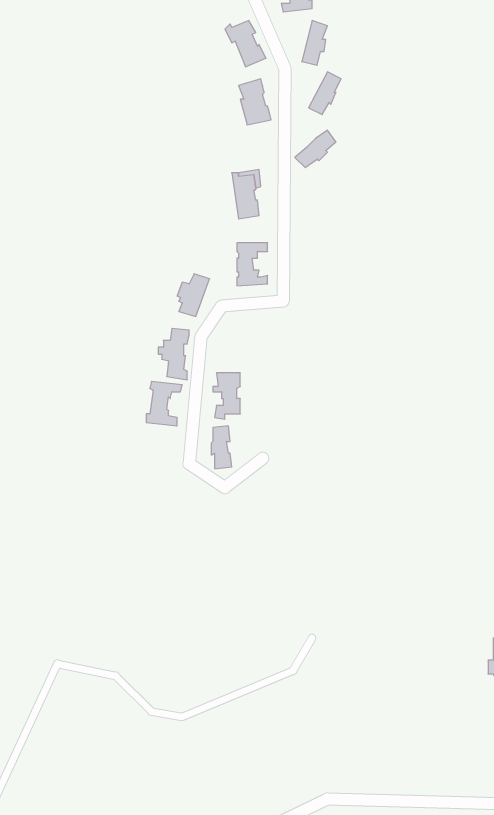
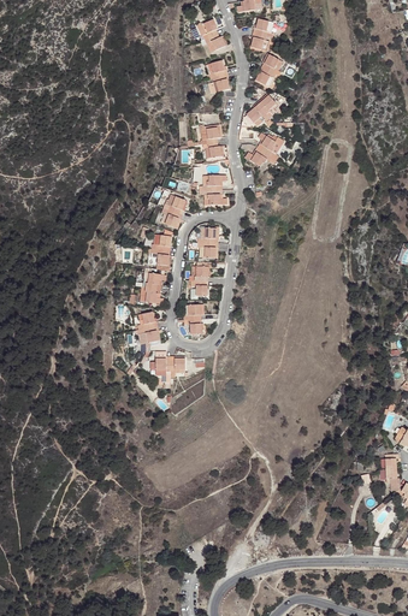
building: none -> [246,134,284,172]
building: none -> [200,227,218,257]
building: none -> [137,312,160,351]
building: none -> [156,351,185,375]

